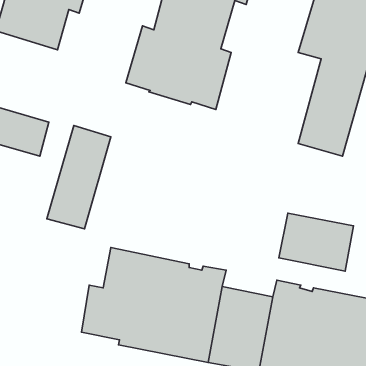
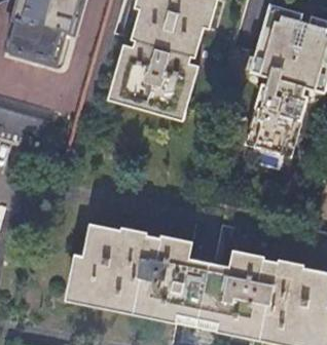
building: [47,125,111,229] -> none
building: [279,213,354,271] -> none

